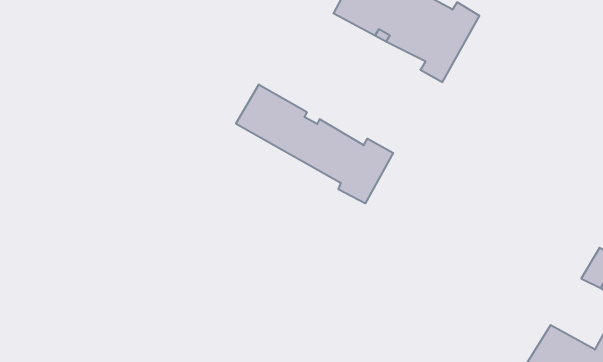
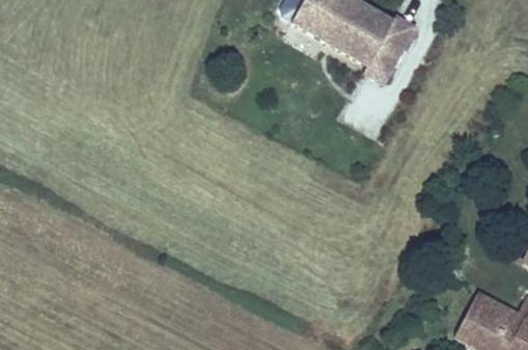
building: [236,84,393,203] -> none

